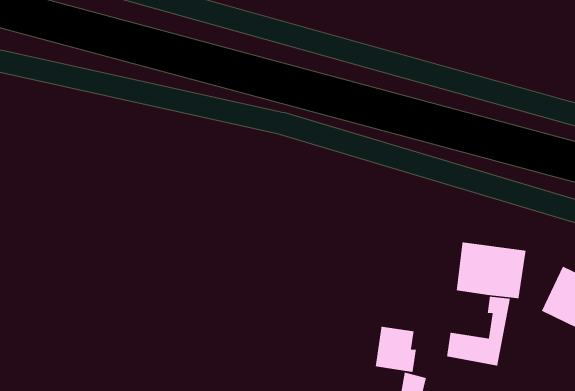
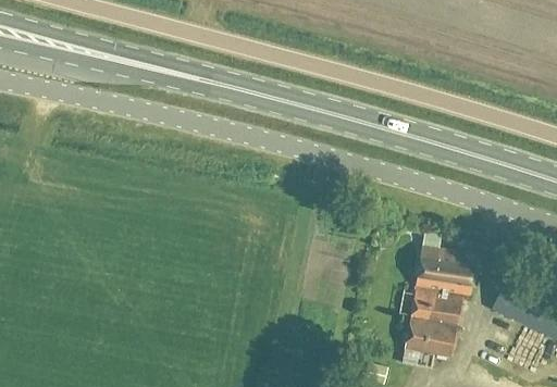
building: [375,326,417,373] -> [408,291,446,334]

